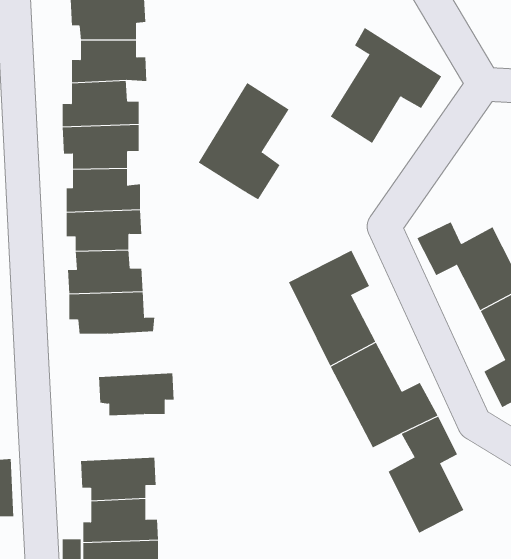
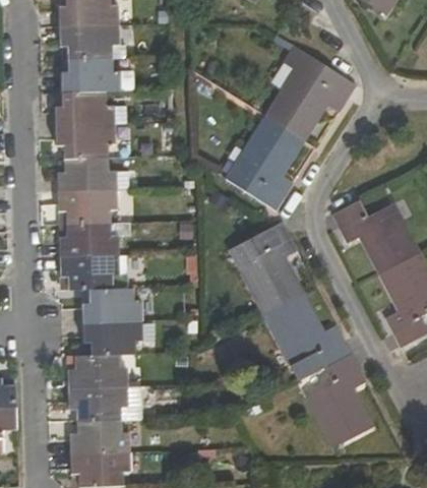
building: [198,82,290,200] -> [226,117,298,209]
building: none -> [82,286,141,321]
building: none -> [68,351,127,387]

